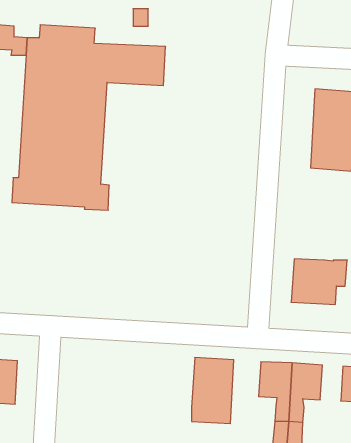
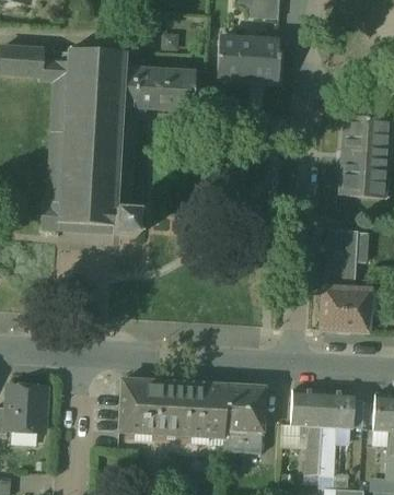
building: none -> [216,38,278,81]
building: none -> [325,228,368,287]
building: none -> [118,380,224,436]

